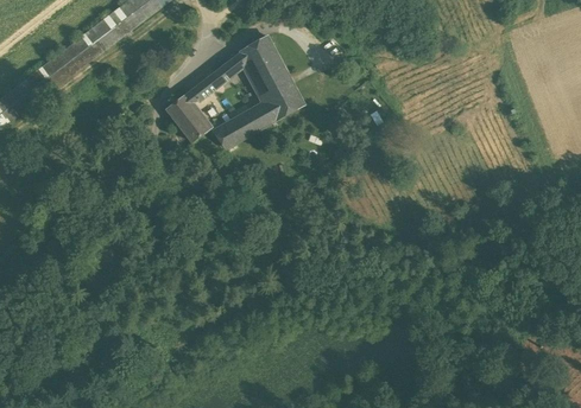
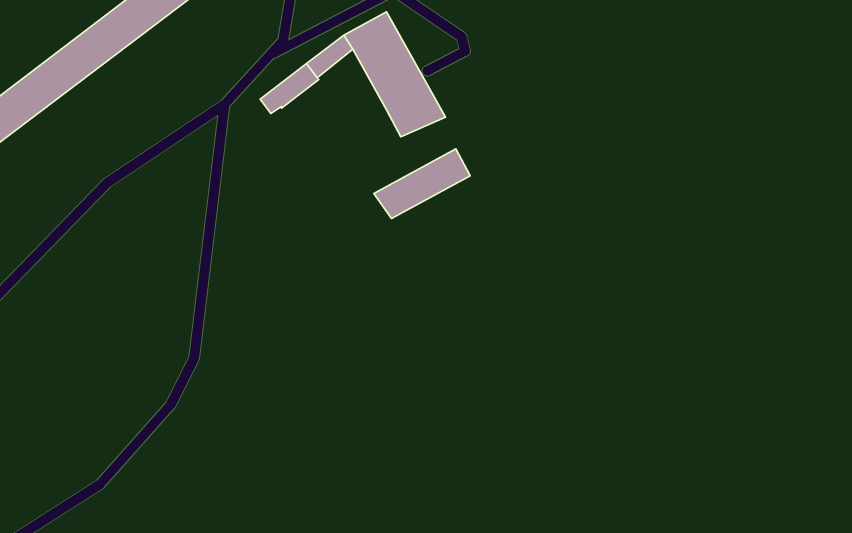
building: [164,94,207,141] -> none
building: [211,101,276,147] -> [374,149,470,219]

